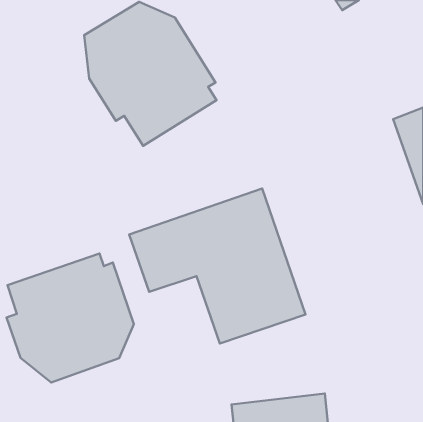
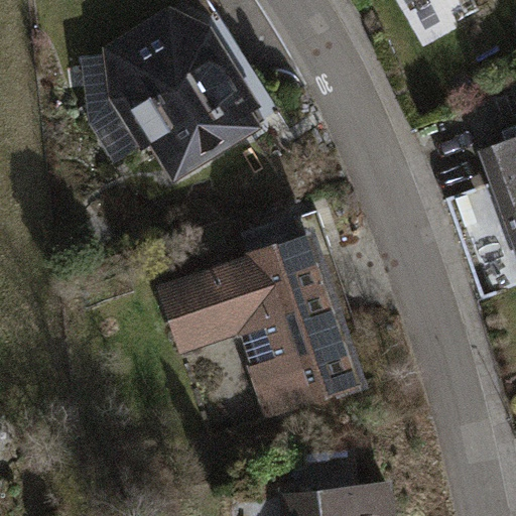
building: [7,254,134,382] -> none

